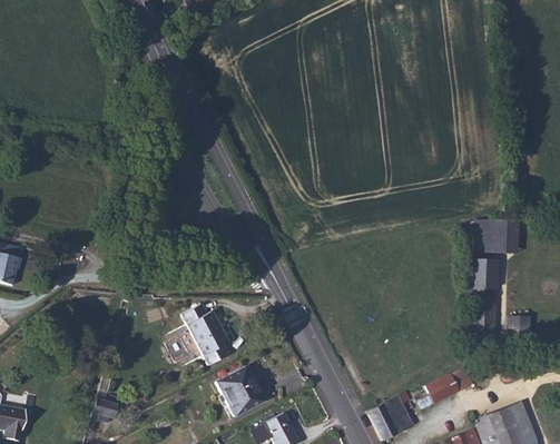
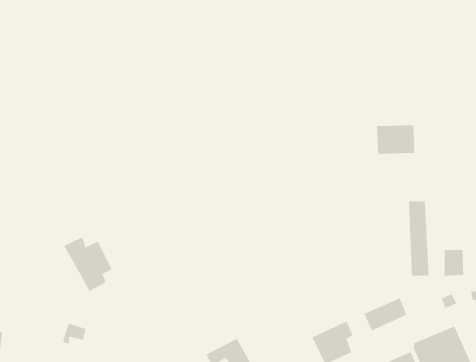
building: [471,220,513,253] -> [376,125,415,154]
building: [181,304,235,364] -> [64,237,112,292]
building: [215,365,264,416] -> none

